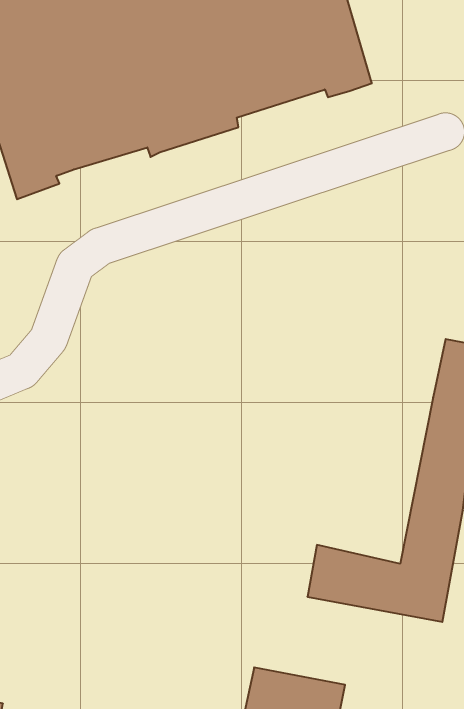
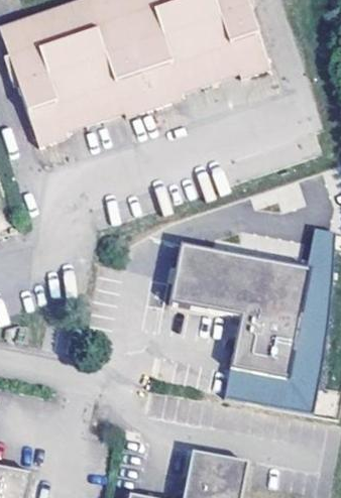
building: none -> [166,246,306,378]

